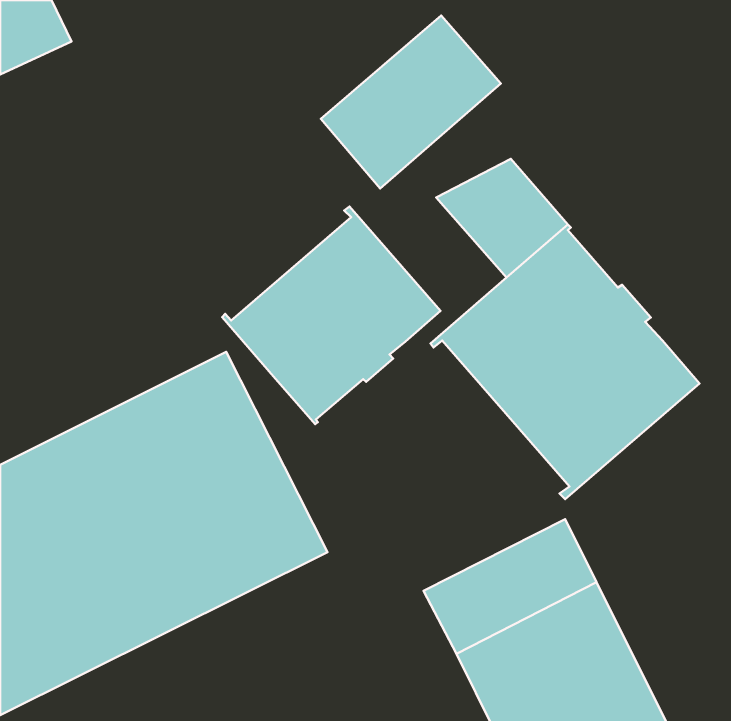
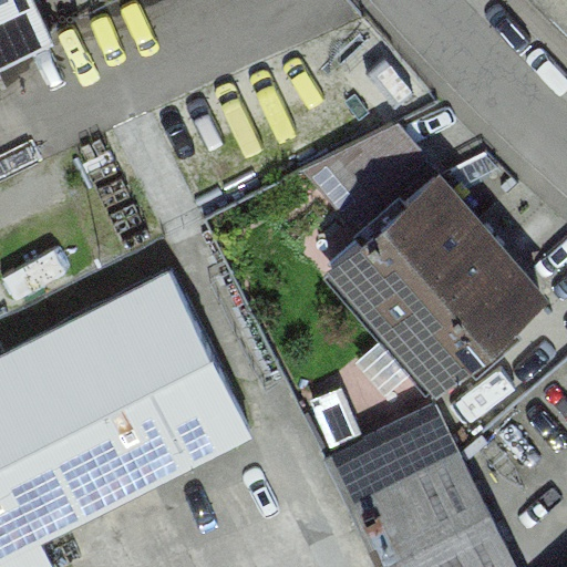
building: [321,15,501,188] -> none
building: [222,206,441,424] -> none

